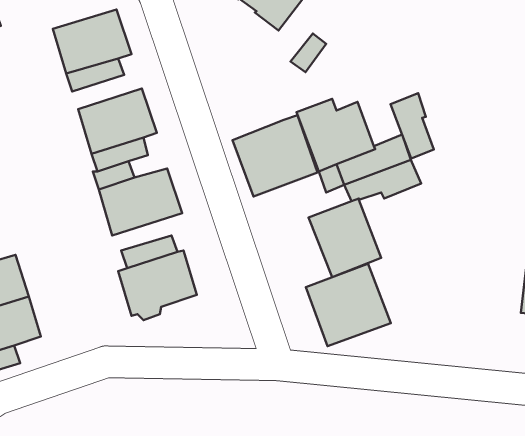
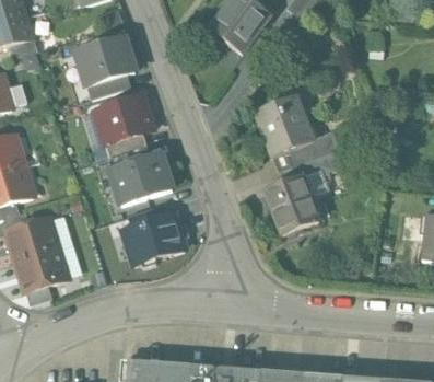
building: [391,93,434,158] -> none
building: [232,115,318,197] -> none
building: [306,263,391,346] -> none

